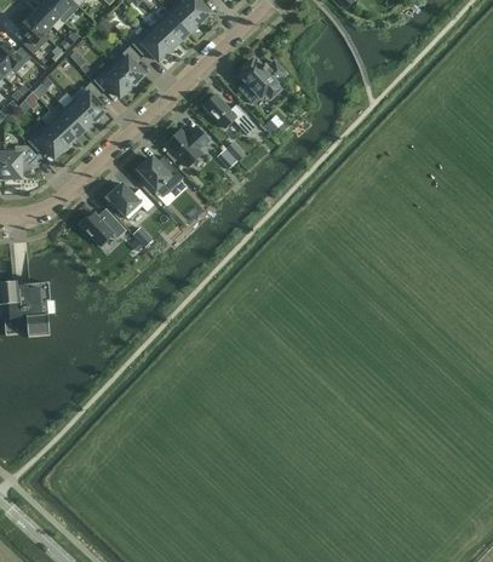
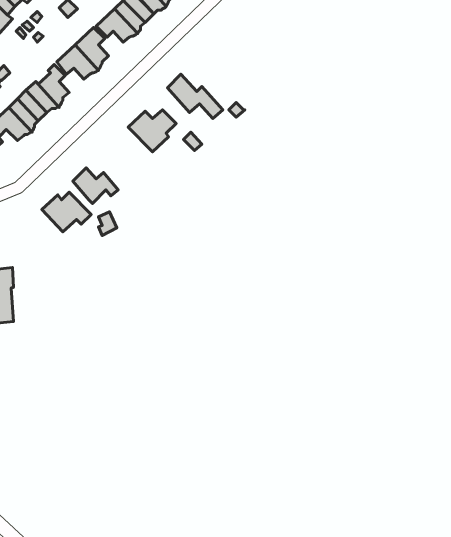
building: [239,59,285,103] -> none
building: [133,153,182,196] -> none

